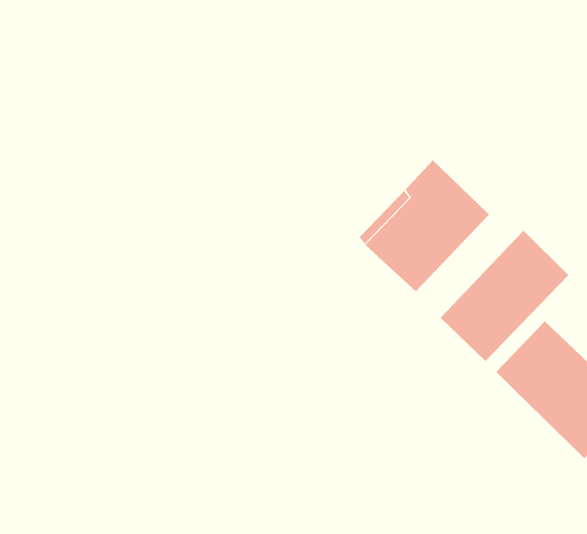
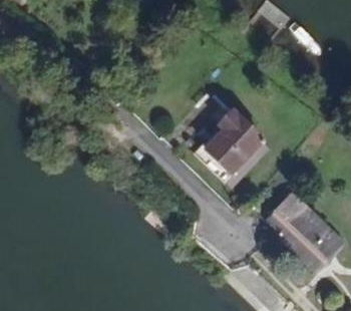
building: [440,230,569,362] -> none

